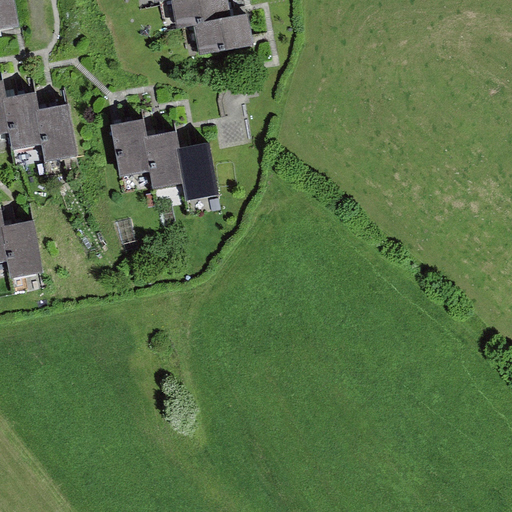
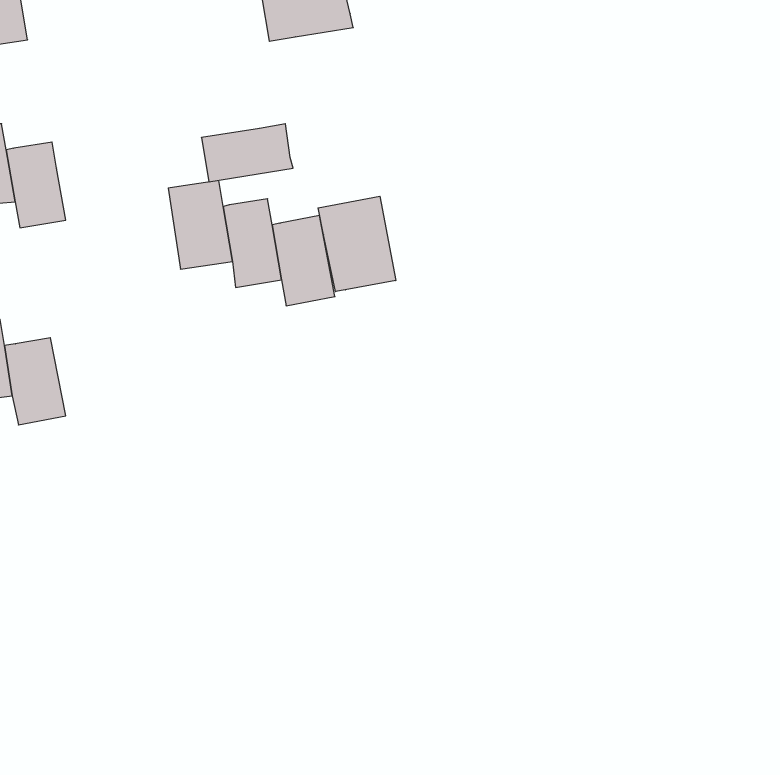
building: [193,15,253,53] -> [201,124,293,182]
building: [37,104,76,161] -> none
building: none -> [318,196,396,292]

